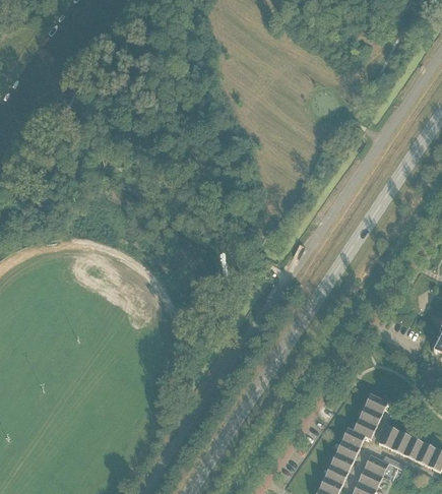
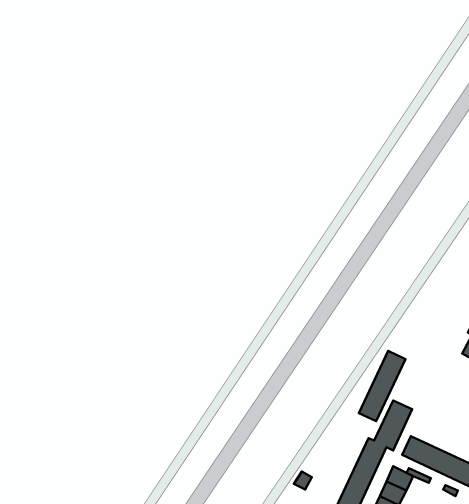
building: none -> [359,351,406,421]

